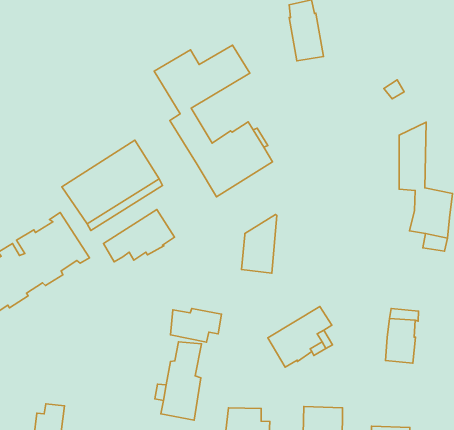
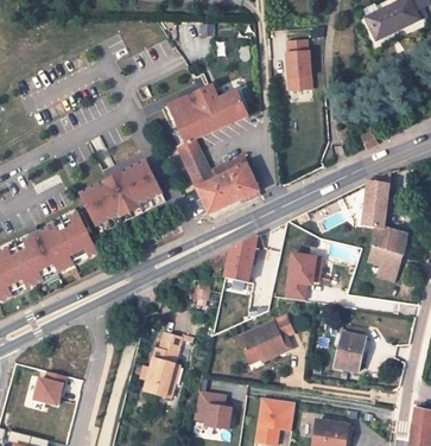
building: [103,209,175,262] -> none
building: none -> [285,254,322,300]
building: [171,309,222,342] -> none

